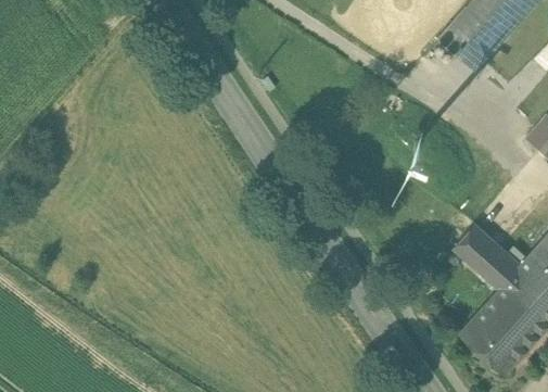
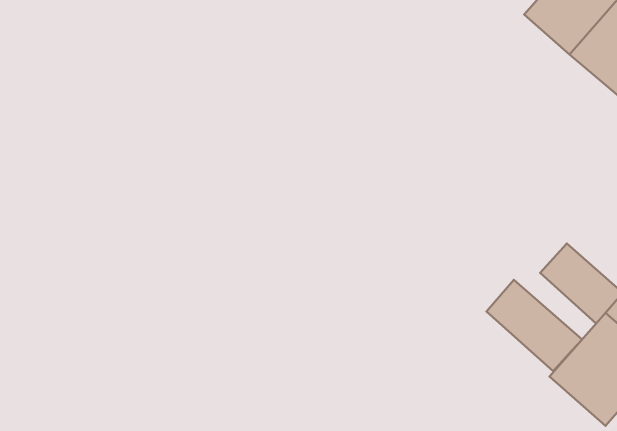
building: none -> [486,280,582,371]

